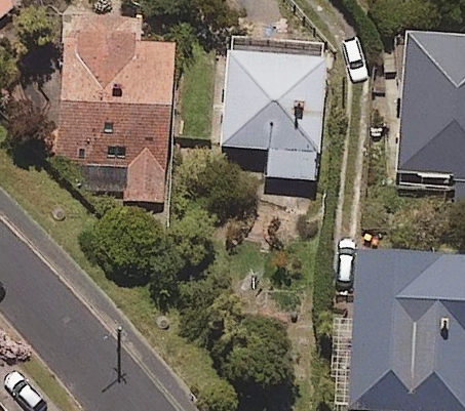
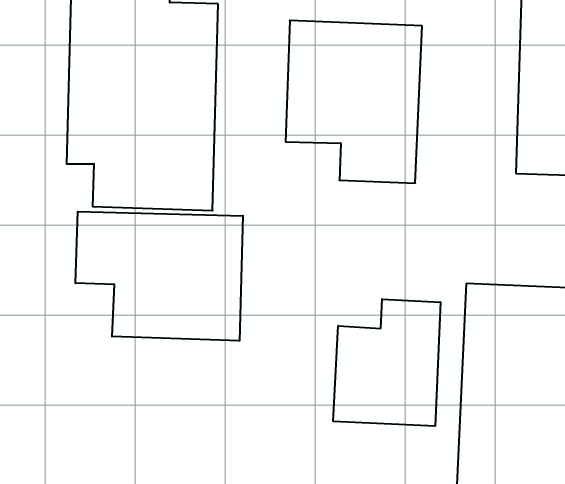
building: none -> [75,212,243,341]
building: none -> [333,299,440,426]

